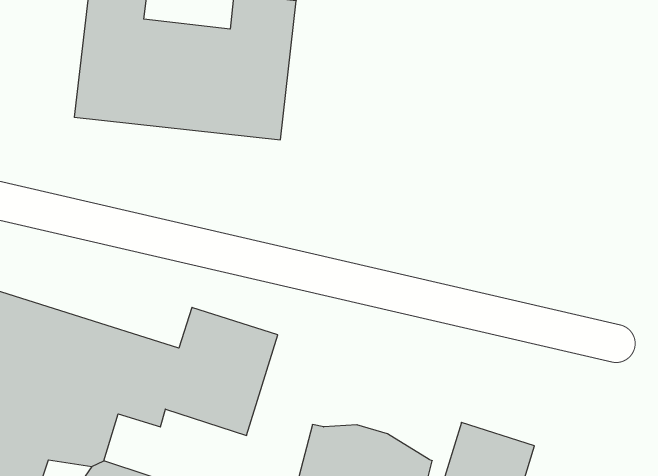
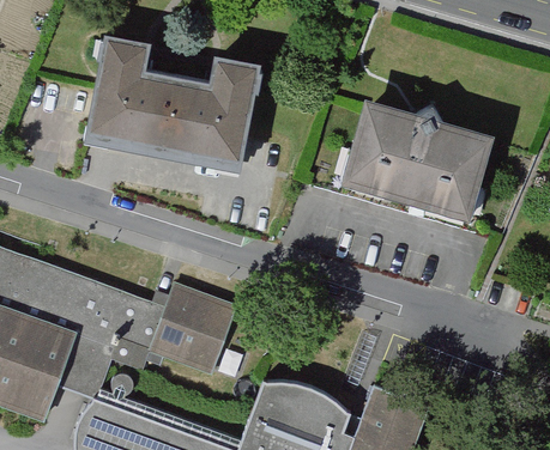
building: none -> [351,93,498,211]

